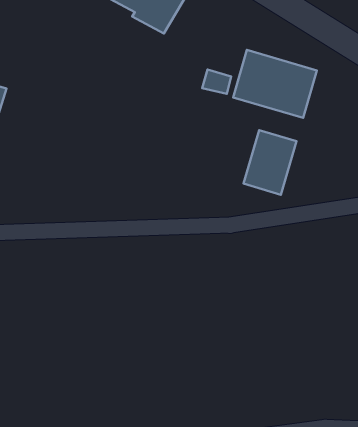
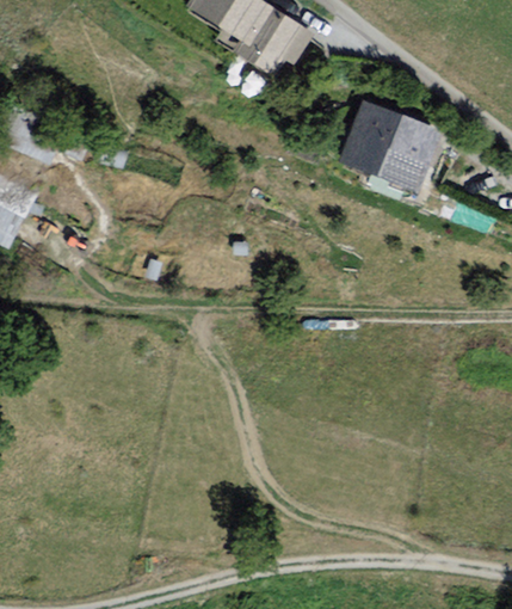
building: [243,130,296,195] -> none

